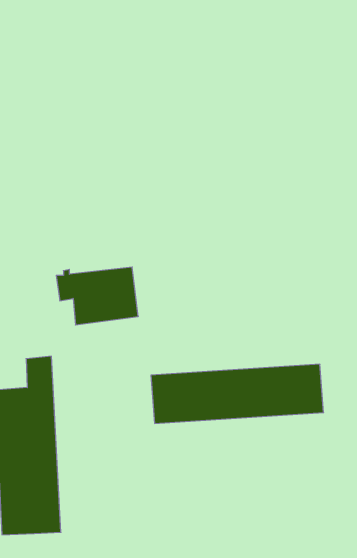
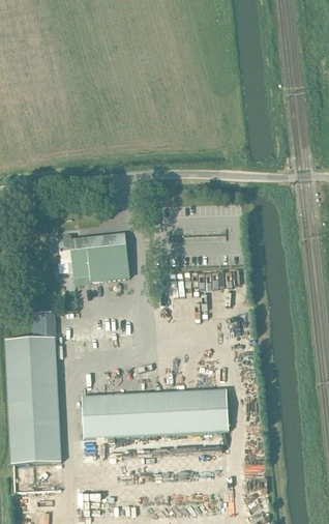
building: [151,364,324,423] -> [82,387,230,438]

